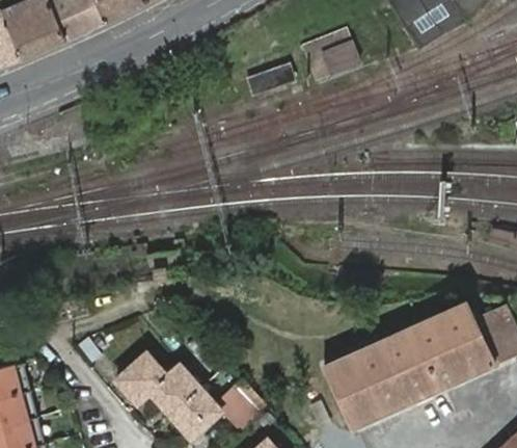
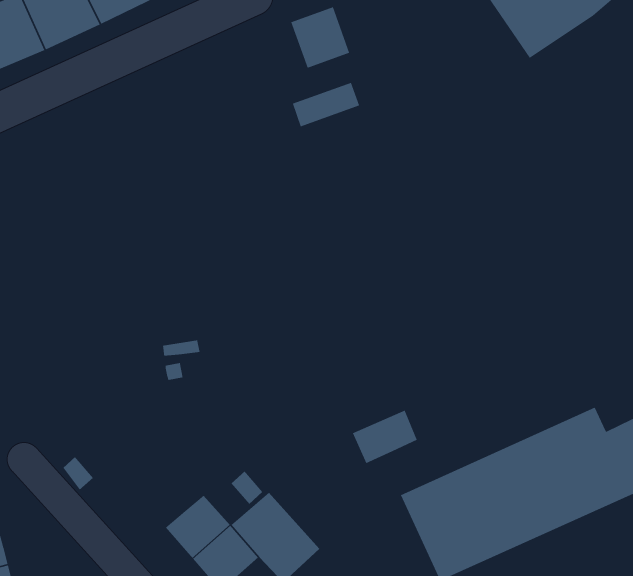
building: none -> [290,6,350,69]
building: [317,39,357,75] -> none
building: none -> [352,410,418,464]
building: [117,353,166,401] -> none

